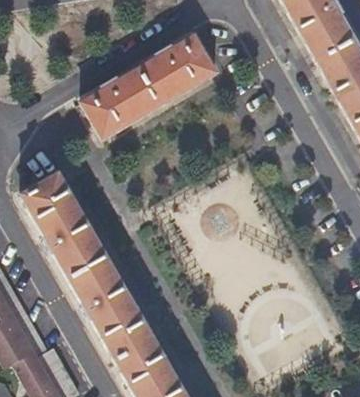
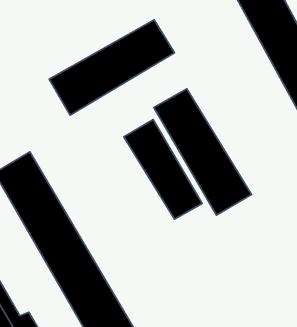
building: none -> [154,89,251,215]
building: none -> [124,120,202,219]

